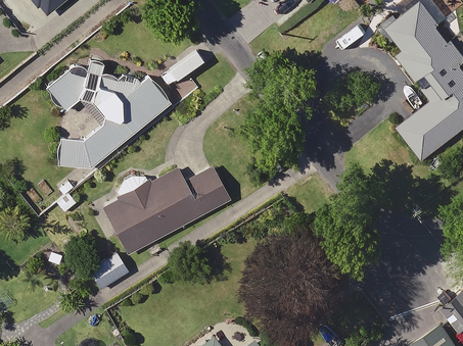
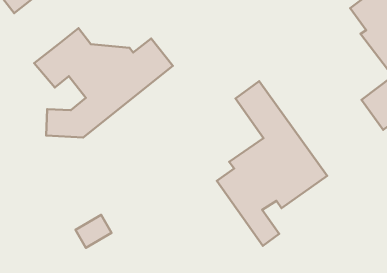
building: none -> [217,81,327,246]
building: [102,169,225,252] -> none

